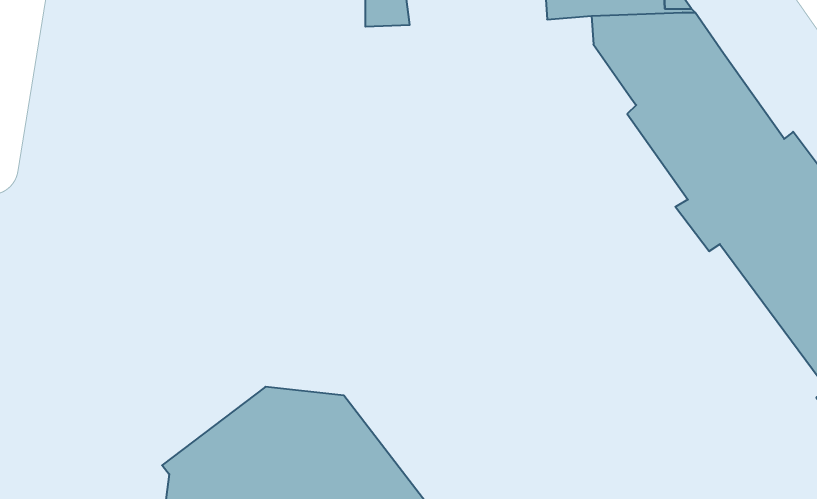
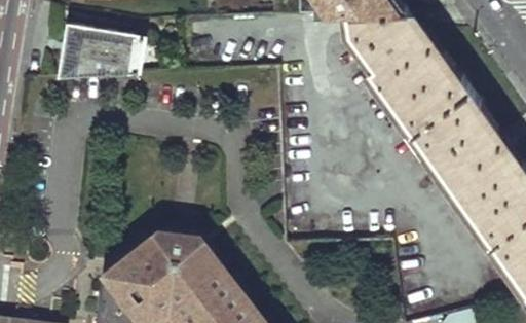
building: none -> [59,25,146,79]

